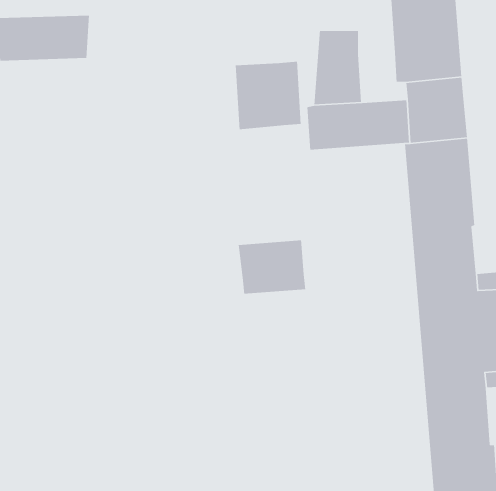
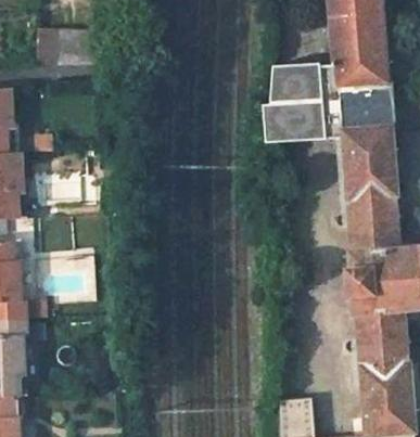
building: none -> [305,61,342,99]
building: [235,61,302,130] -> none
building: [238,239,306,294] -> none

